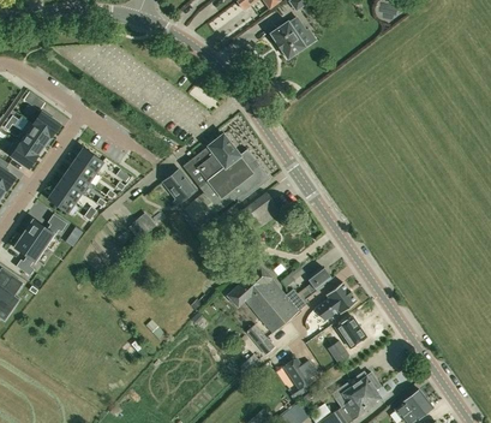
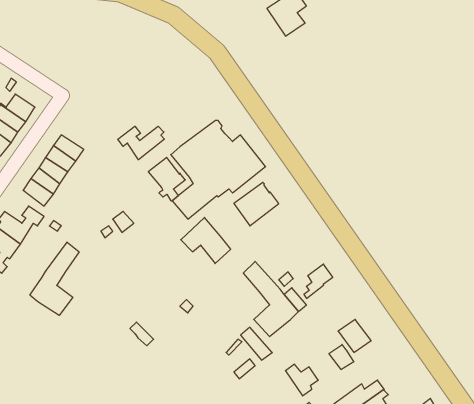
building: none -> [118,126,164,160]
building: none -> [30,242,79,315]
building: [227,275,273,317] -> [181,217,231,264]
building: [315,282,357,321] -> none

